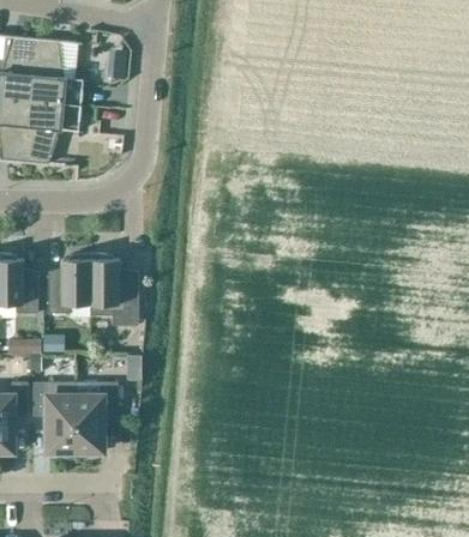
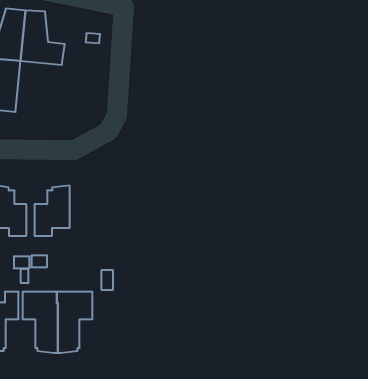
building: [23,101,79,165] -> none
building: [89,253,137,326] -> none

